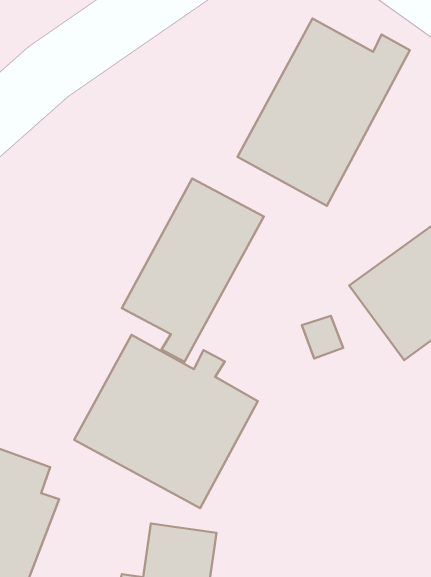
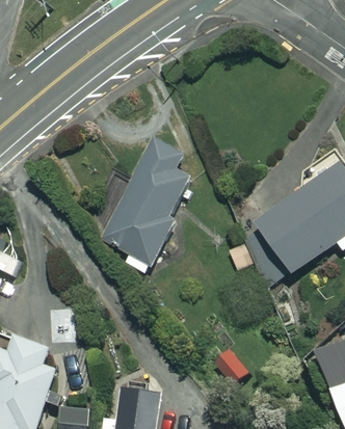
building: [238,18,410,206] -> none
building: [74,335,258,508] -> none

